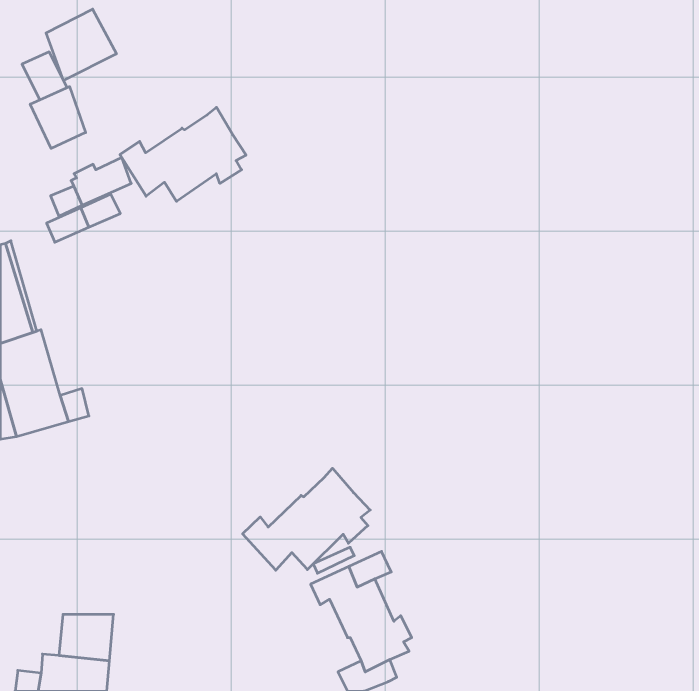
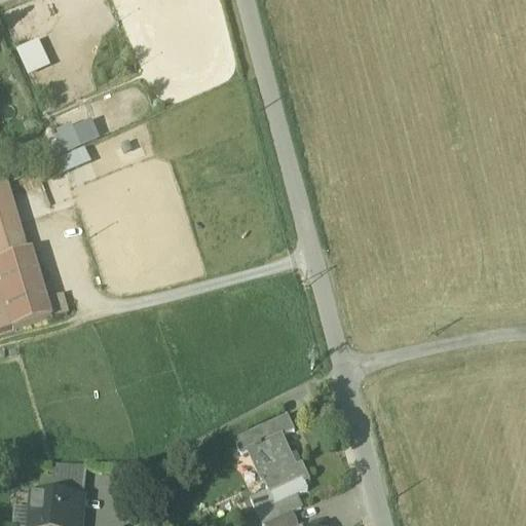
building: [46,9,116,80] -> none
building: [30,87,86,148] -> none
building: [120,107,246,201] -> none
building: [243,468,370,570] -> none

